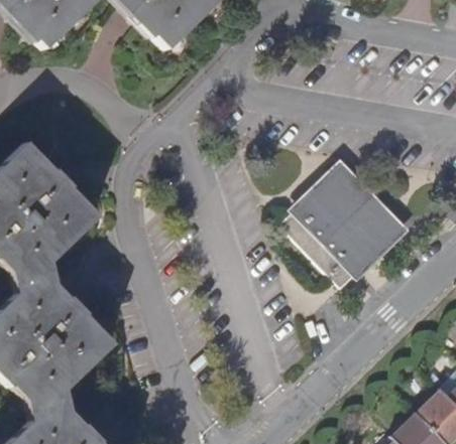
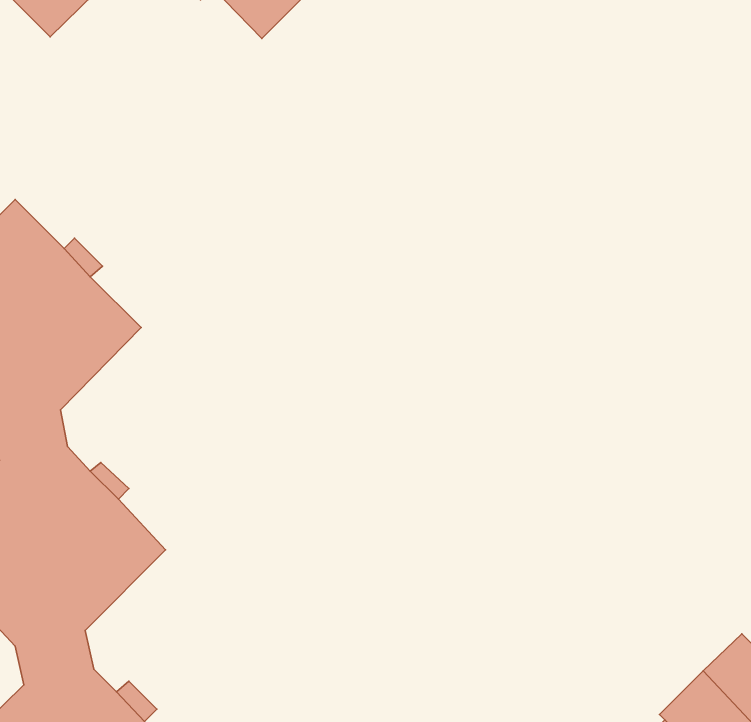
building: [284,166,405,285] -> none

